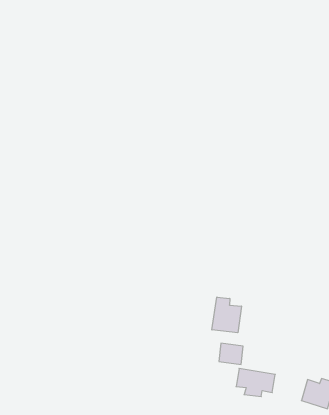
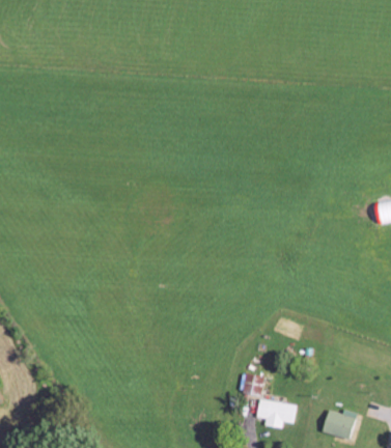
building: [212,297,241,333] -> none

